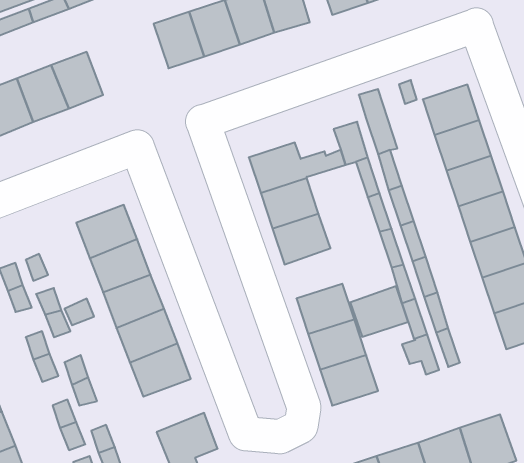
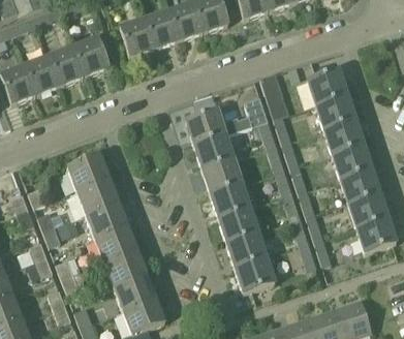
building: none -> [72,36,108,75]
building: [350,286,408,337] -> [210,182,250,217]
building: none -> [112,273,154,310]

